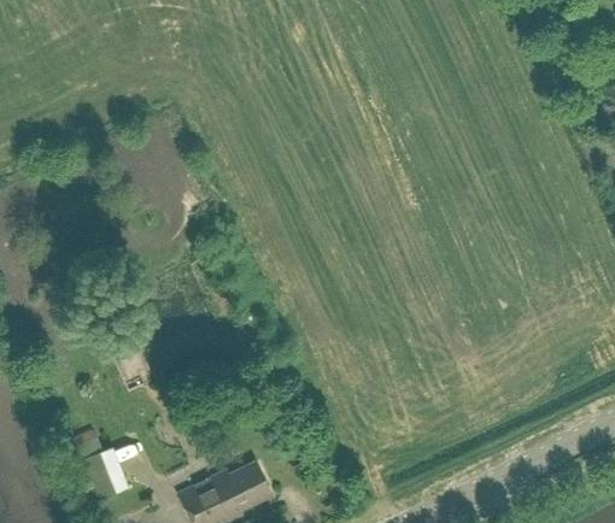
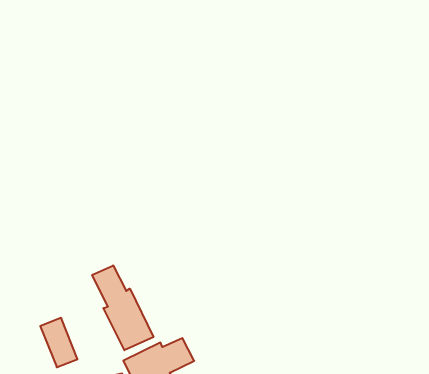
building: none -> [92,265,153,350]

